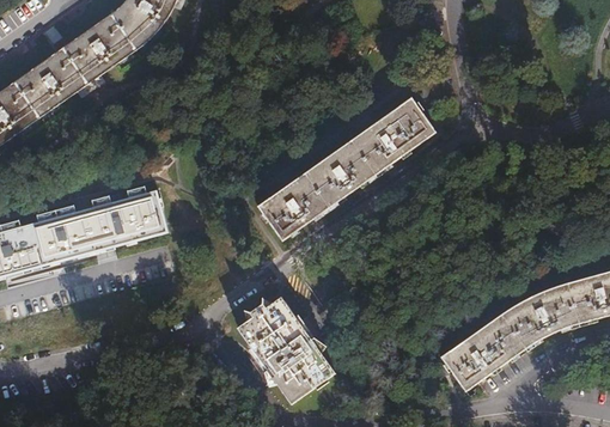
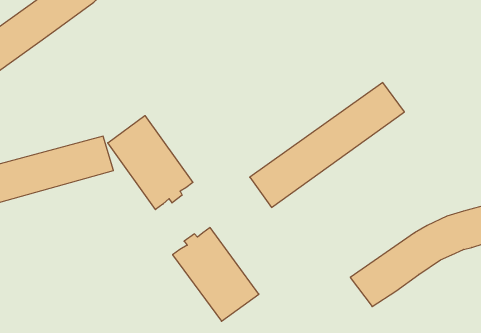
building: [260,99,438,243] -> [250,83,404,207]
building: none -> [108,116,193,210]

